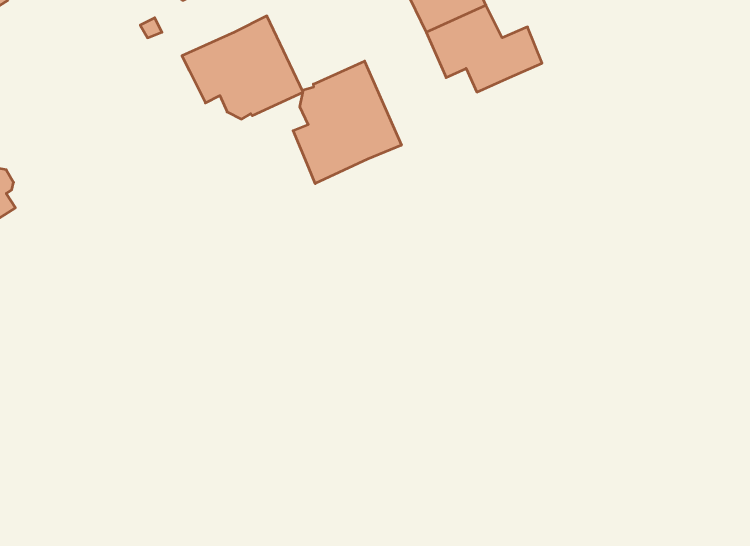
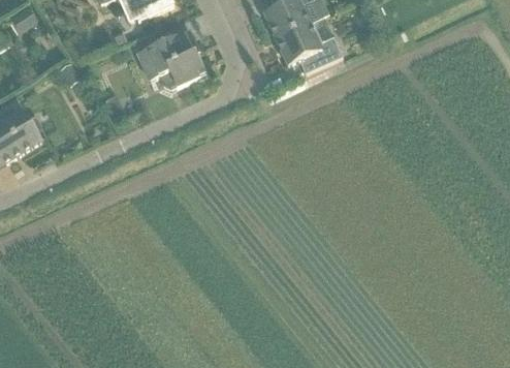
building: [293,61,401,184] -> none

